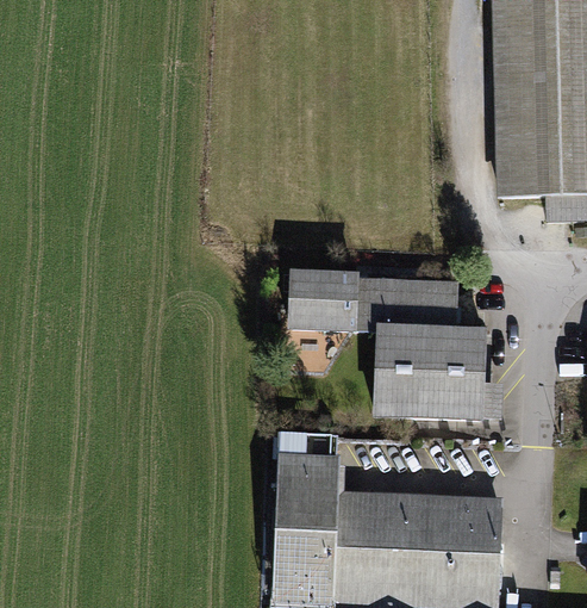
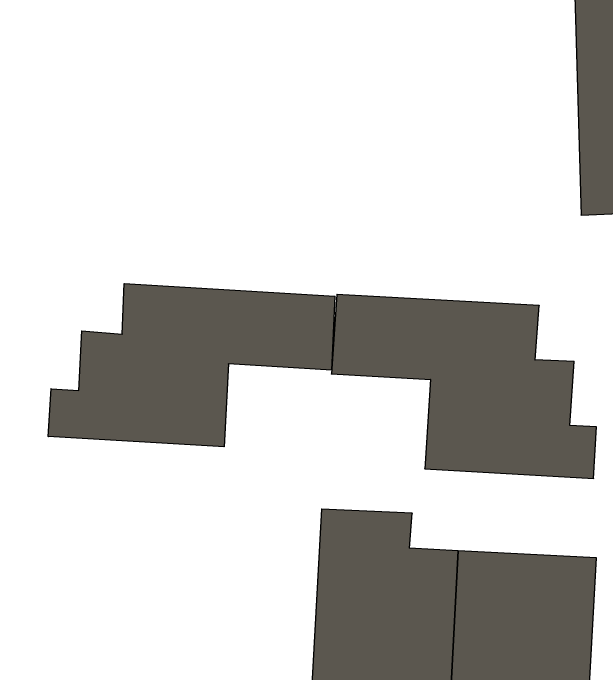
building: none -> [48,284,335,447]

